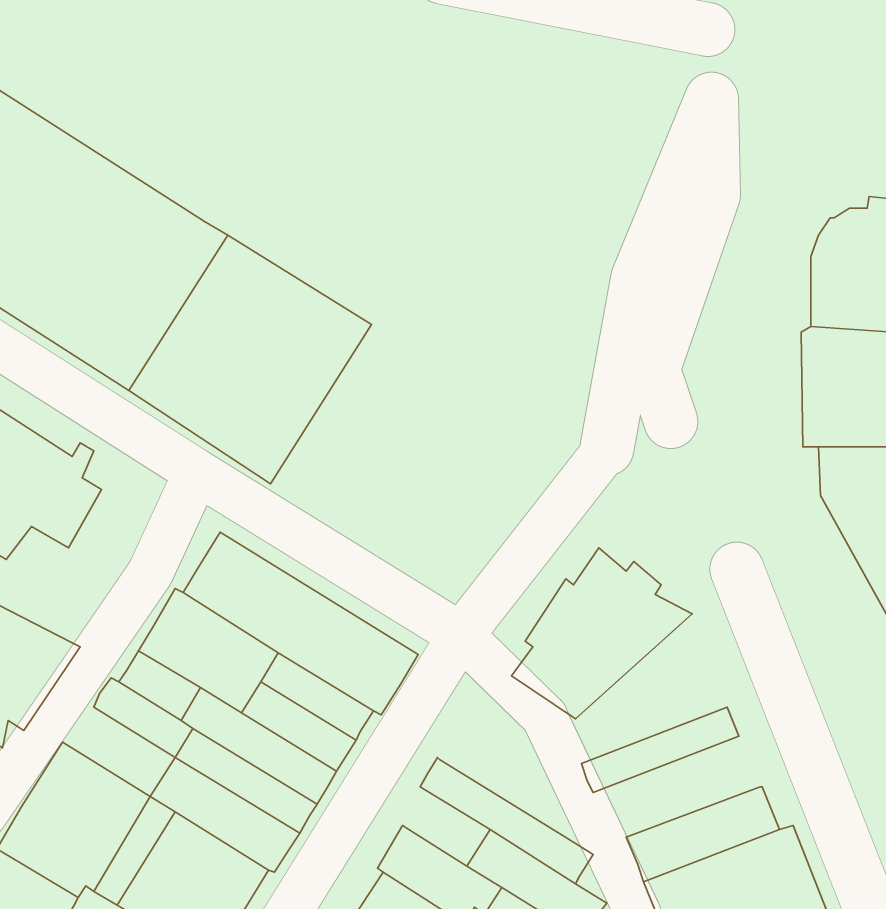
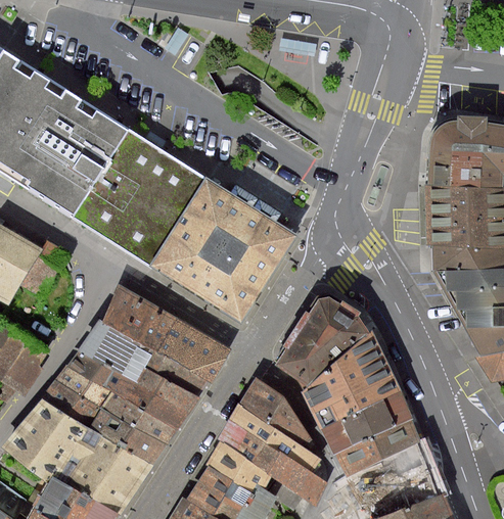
building: none -> [150,179,293,320]
building: none -> [306,331,391,410]
building: none -> [44,380,100,427]
building: none -> [239,380,309,447]
building: none -> [320,395,408,452]
building: none -> [217,422,266,464]

